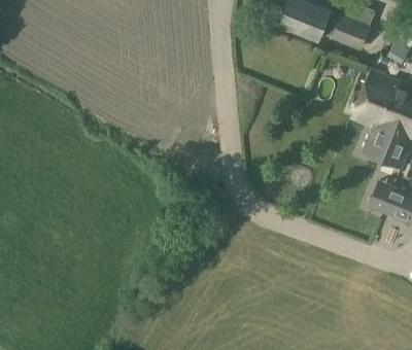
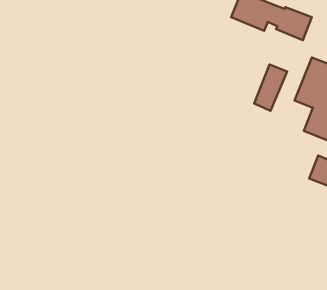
building: none -> [254,64,287,111]

